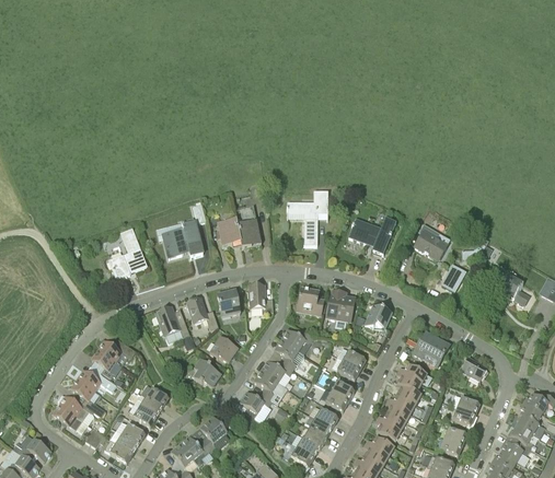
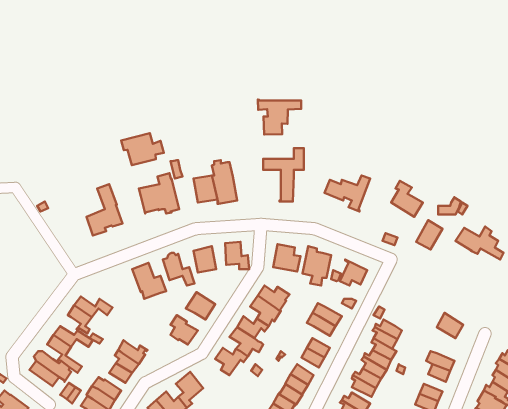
building: none -> [258,99,301,134]
building: none -> [121,133,164,165]
building: [413,330,449,361] -> none

